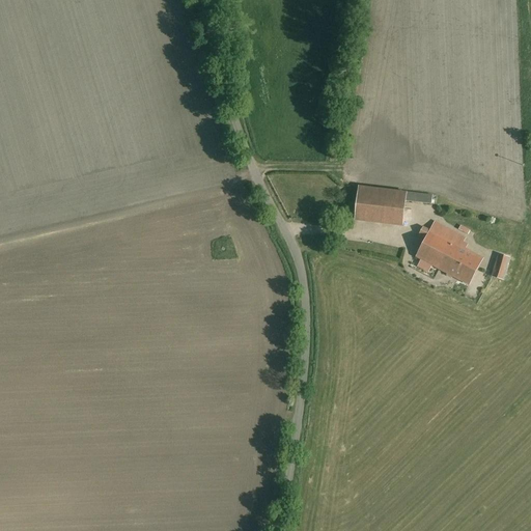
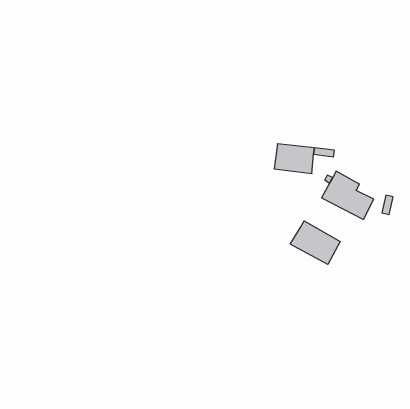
building: none -> [290,221,340,264]

